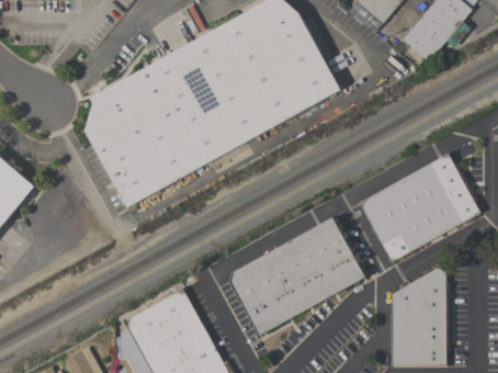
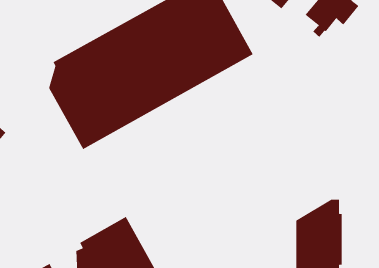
building: [359,154,480,261] -> none
building: [229,217,365,336] -> none

